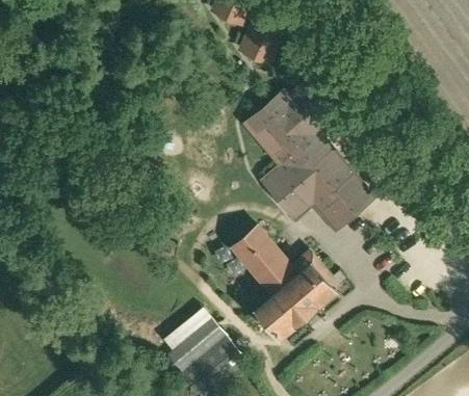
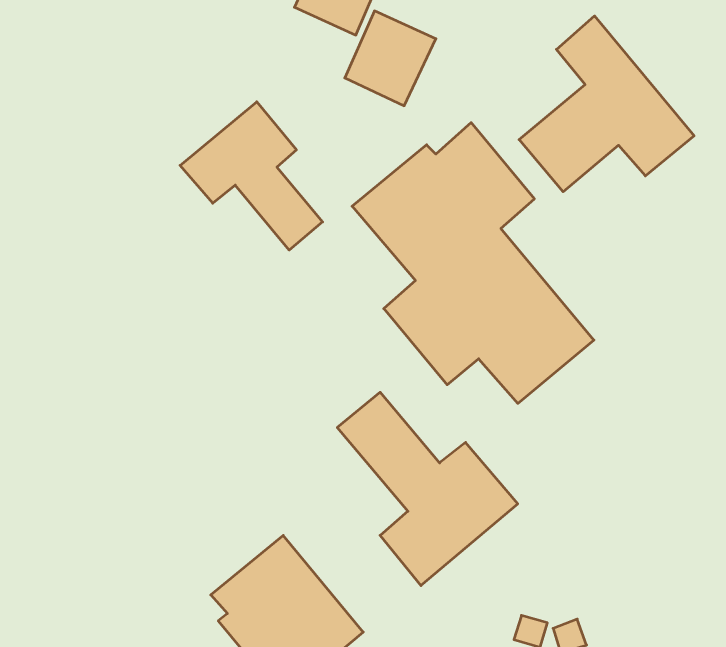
building: none -> [519,16,694,192]
building: none -> [180,102,323,250]

